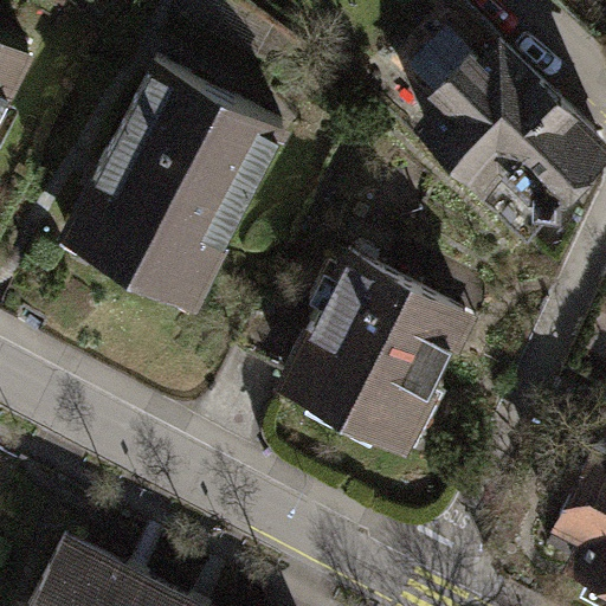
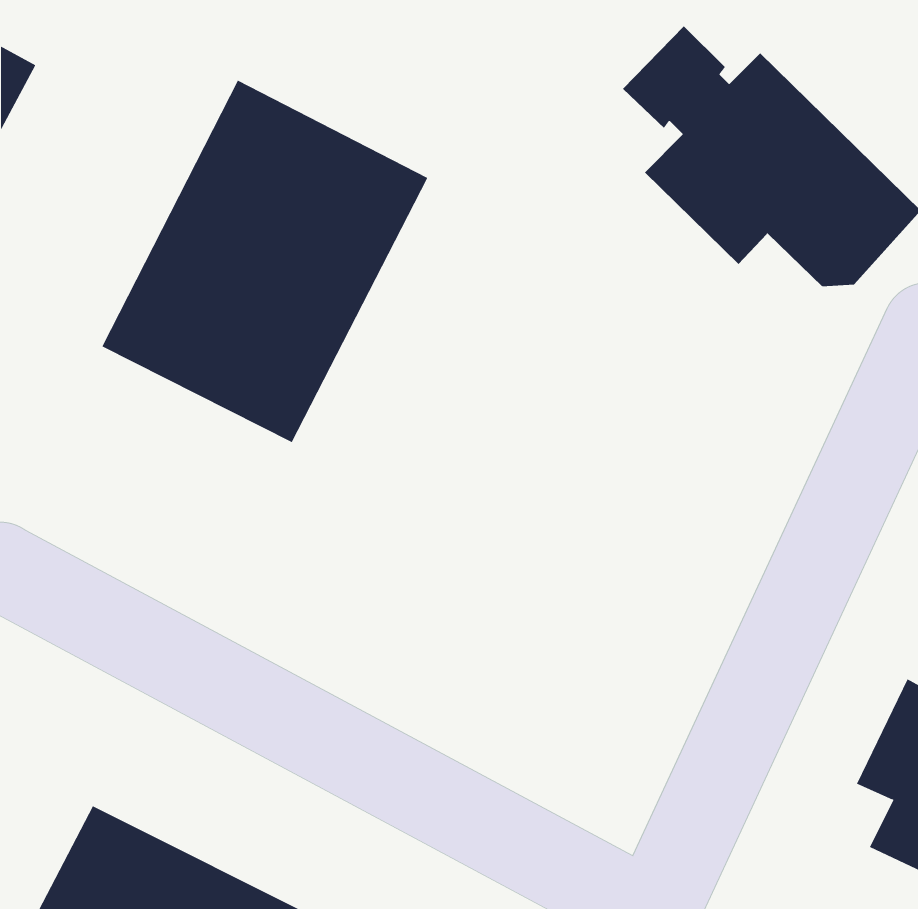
building: [290,257,469,446] -> none

